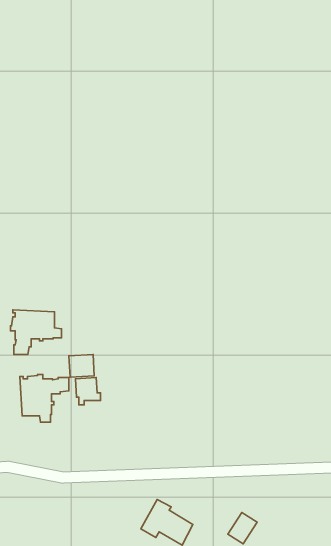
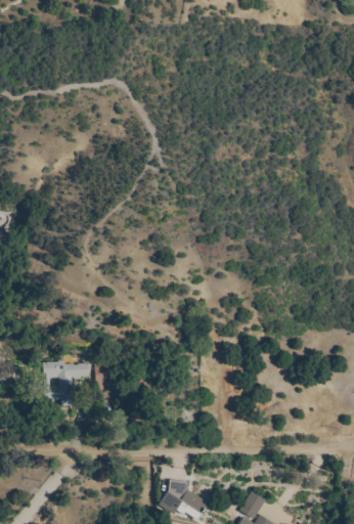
building: [10,310,61,355] -> none
building: [69,355,94,377] -> none

